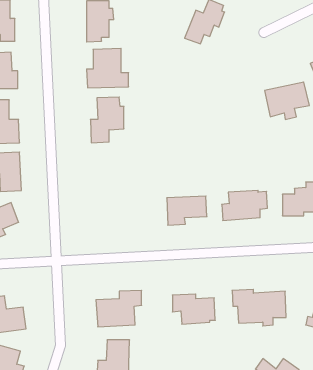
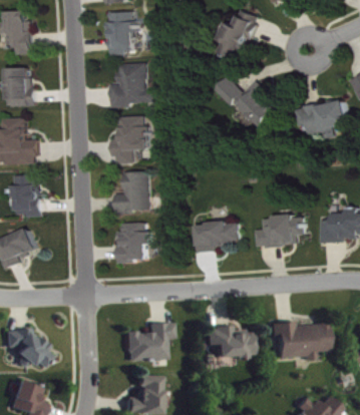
building: none -> [219,77,278,128]
building: none -> [115,170,149,213]
building: none -> [117,222,149,261]

